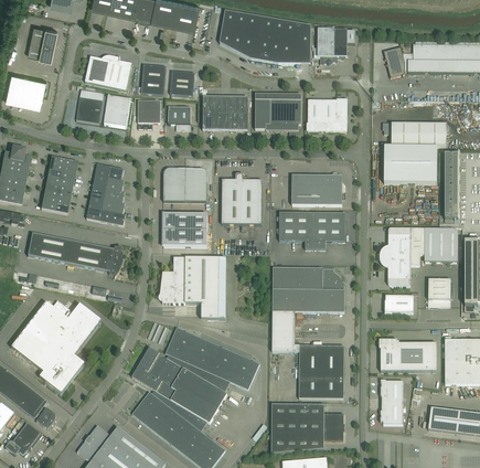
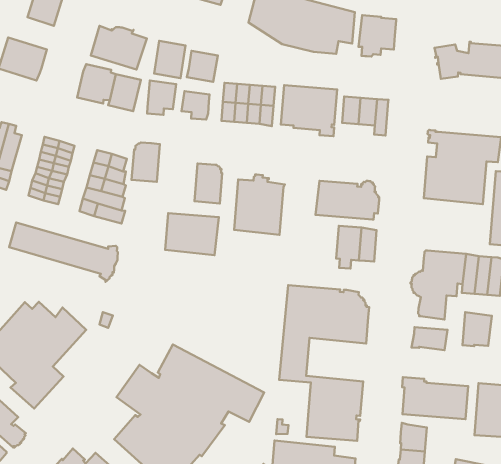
building: [163,168,185,201] -> [132,142,160,182]
building: [279,212,316,248] -> none
building: [160,257,220,319] -> none

